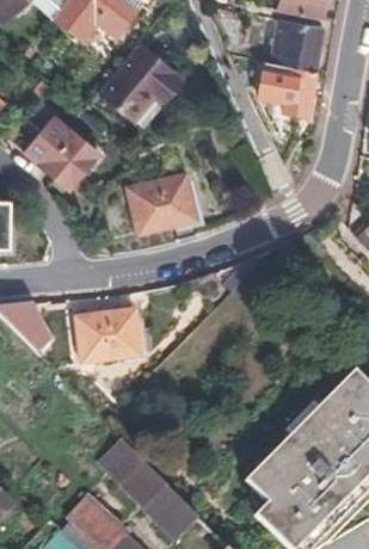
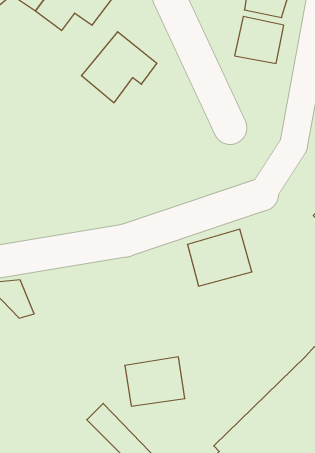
building: [259,62,314,115] -> none
building: [20,116,97,190] -> none
building: [140,167,210,229] -> [187,229,252,286]
building: [76,309,142,363] -> [125,357,185,406]

